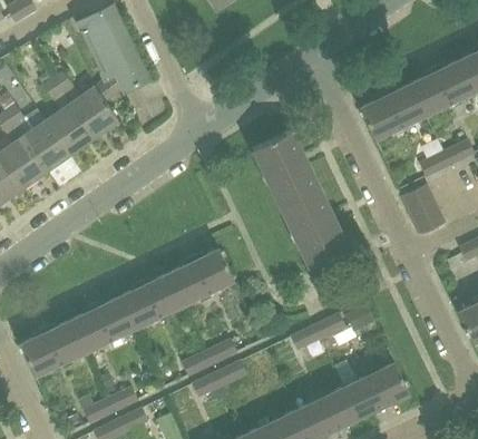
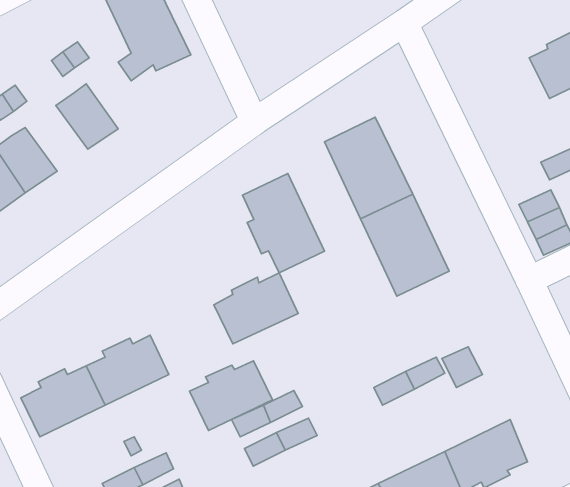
building: [360,84,426,139] -> none
building: [70,87,119,138] -> none
building: [23,120,71,170] -> none
building: none -> [243,173,324,273]
building: [119,273,183,326] -> [190,361,272,430]

